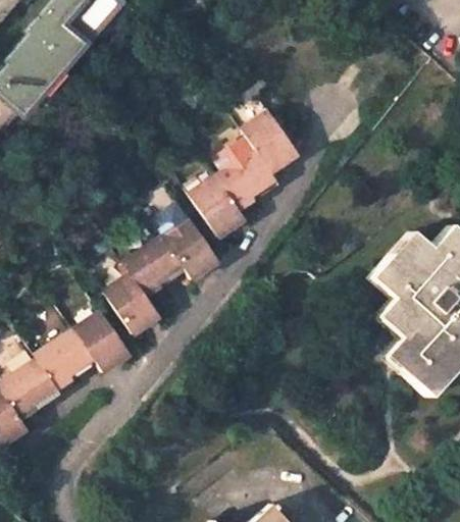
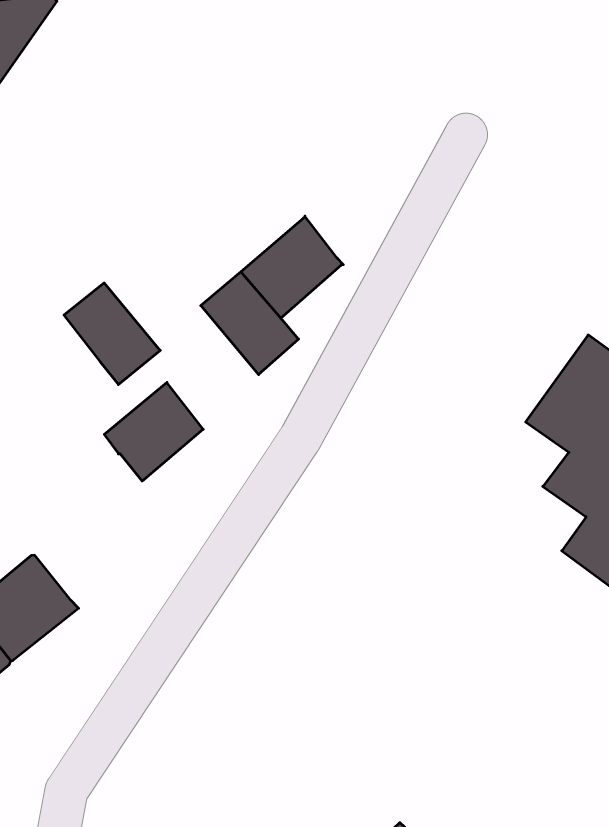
building: [242,110,300,172] -> none
building: [163,218,217,278] -> [64,283,160,385]
building: [104,273,157,330] -> none
building: [75,310,129,369] -> none

